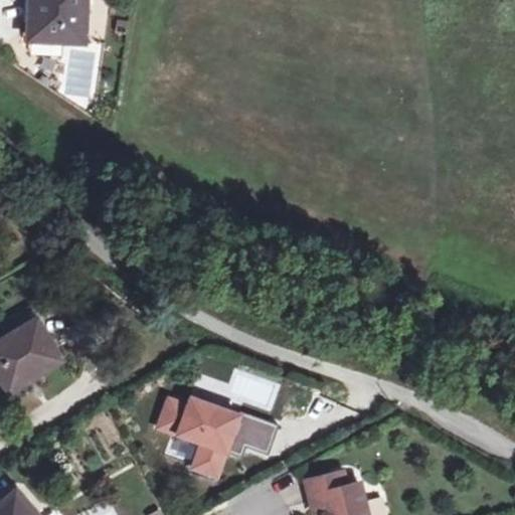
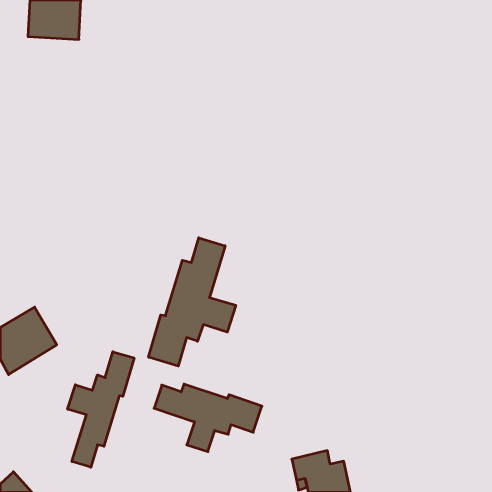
building: none -> [149,238,236,366]
building: none -> [68,352,134,467]

